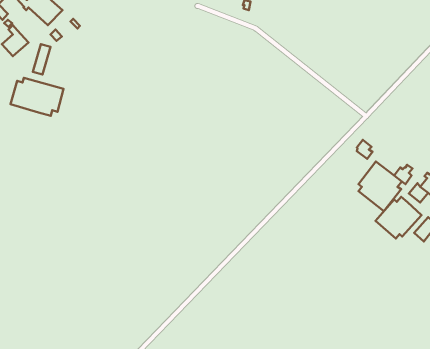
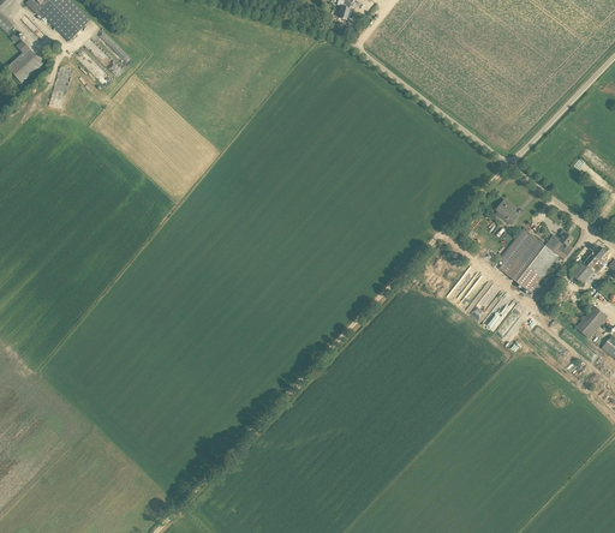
building: [10,78,63,116] -> none
building: [376,197,422,238] -> none

